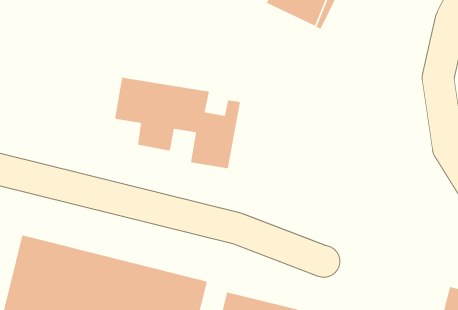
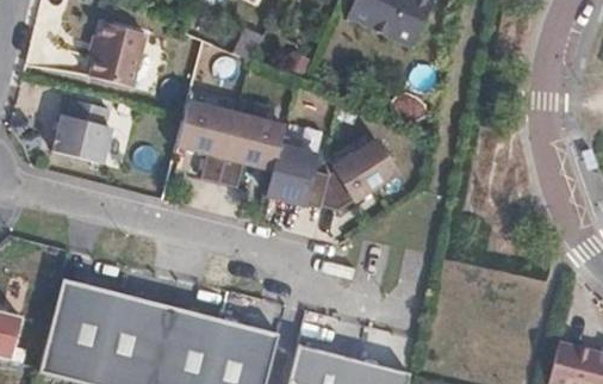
building: none -> [89,20,144,85]
building: none -> [49,97,110,162]
building: none -> [299,134,397,218]

